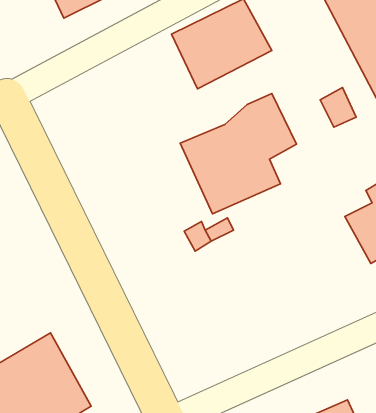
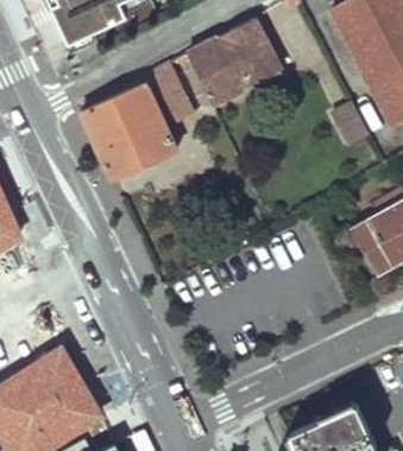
building: [180,94,297,214] -> [80,66,191,182]

